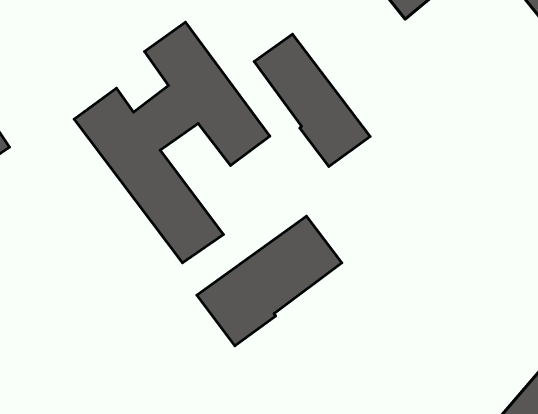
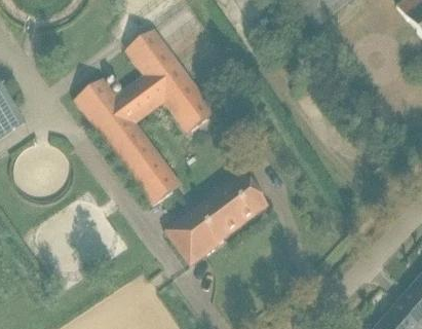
building: [254,34,370,166] -> none

